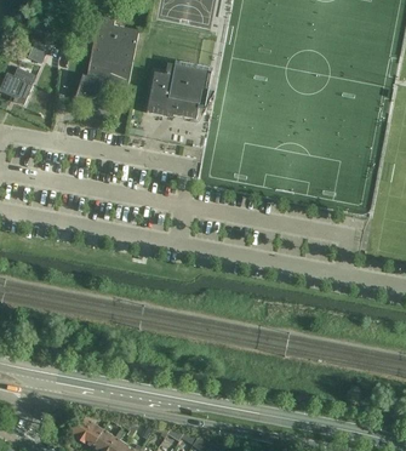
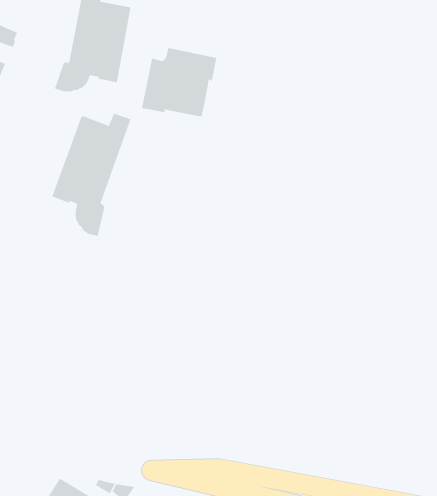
building: none -> [51,113,131,239]

